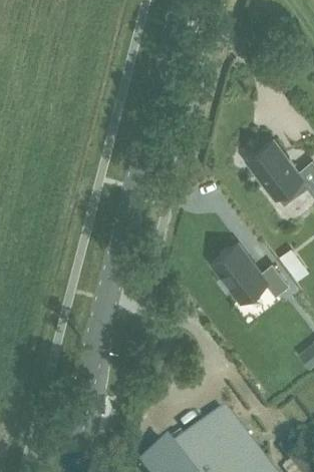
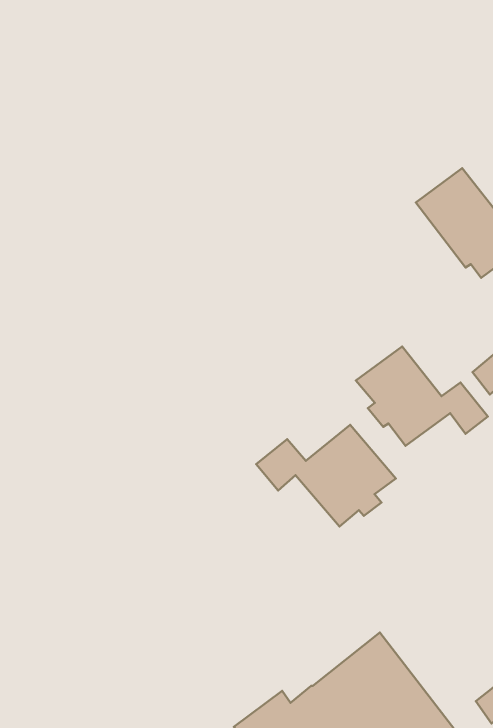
building: none -> [256,425,396,527]

